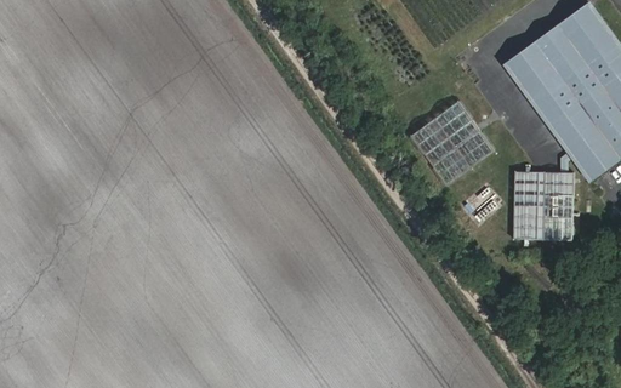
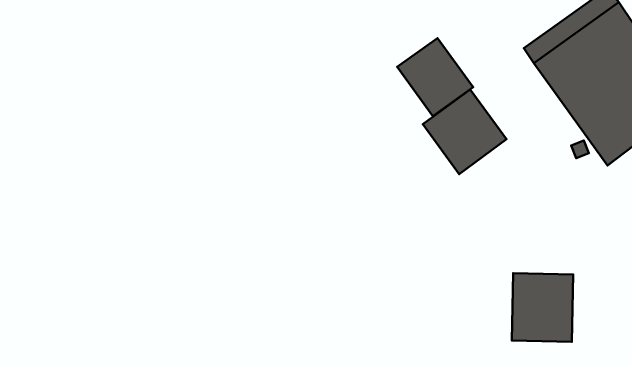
building: none -> [397,38,473,116]
building: [513,172,572,239] -> [512,273,573,342]

